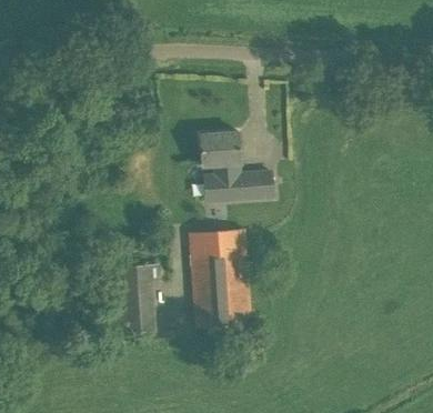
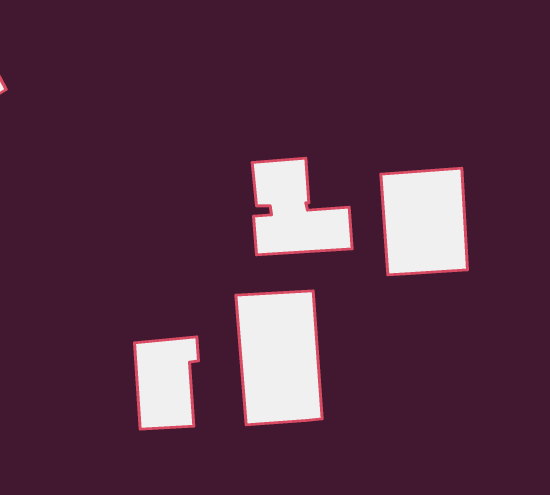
building: none -> [381,168,468,275]

